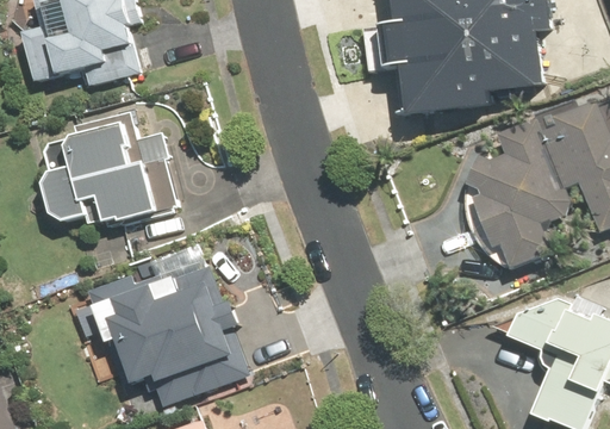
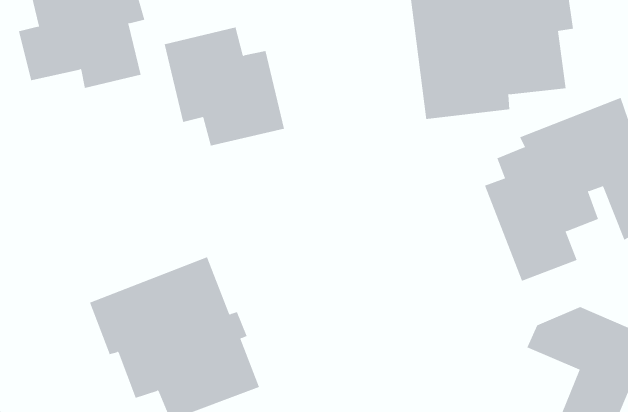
building: [58,111,174,225] -> [164,27,285,146]

